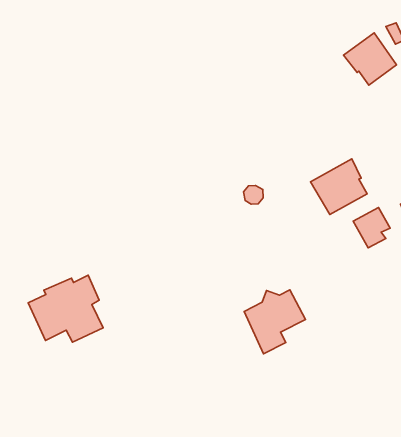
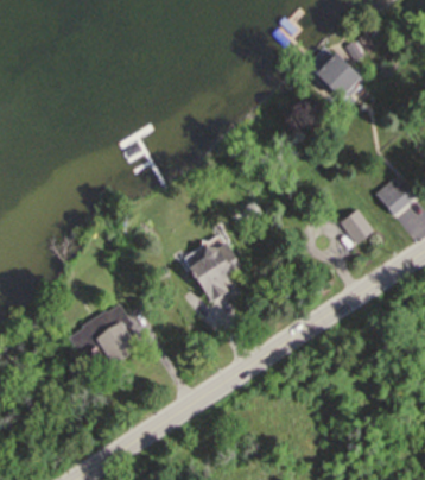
building: [310,159,367,214] -> none
building: [244,290,306,354] -> [188,241,242,301]

